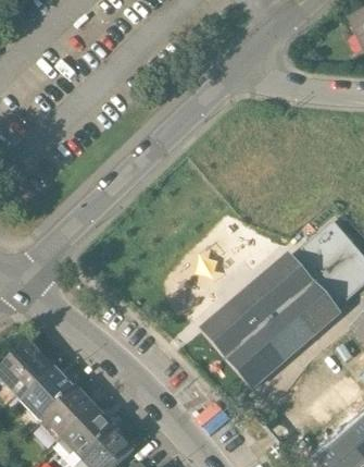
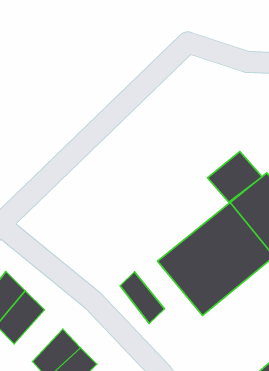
building: none -> [207,152,262,202]
building: none -> [120,272,165,323]
building: [34,380,91,441] -> none

